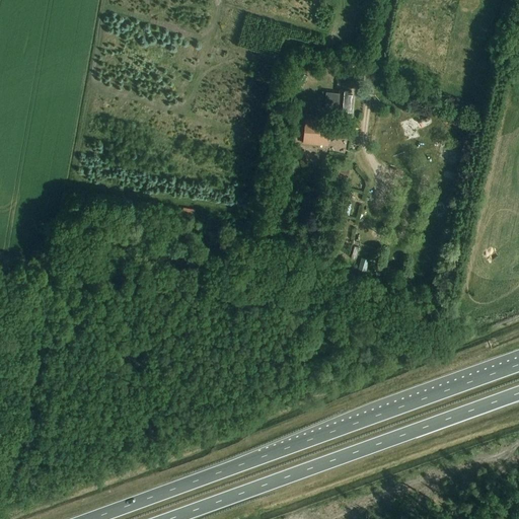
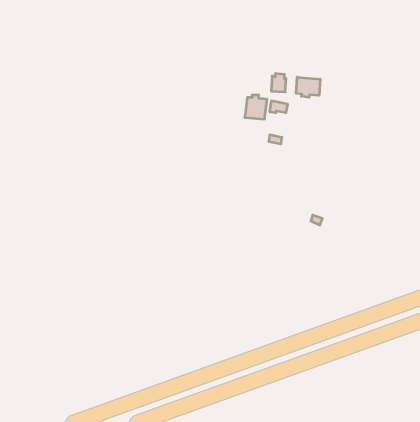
building: none -> [296,77,320,97]

